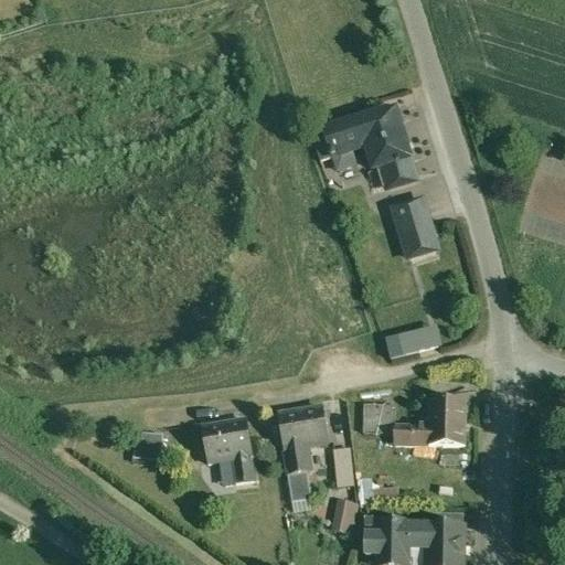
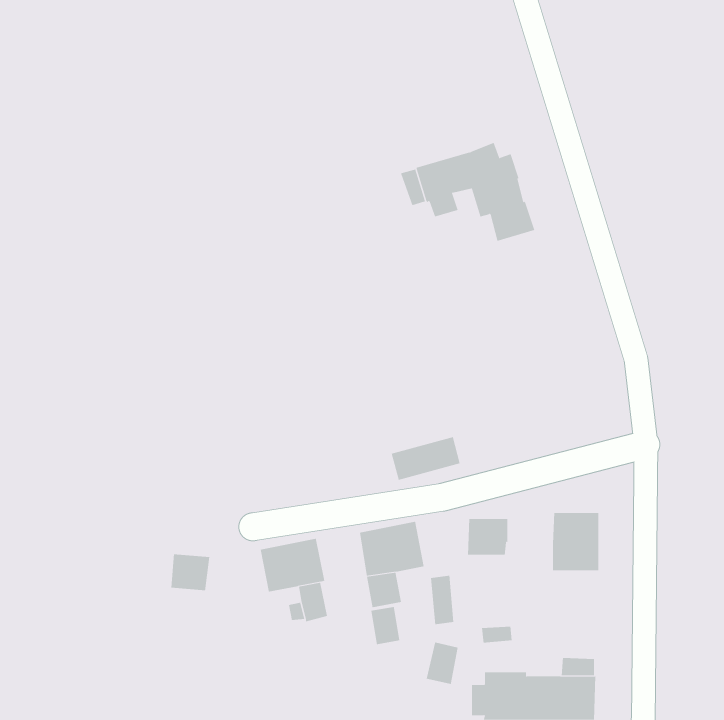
building: [393,200,437,257] -> none
building: [387,323,441,358] -> [391,437,460,481]
building: [393,422,429,444] -> none

